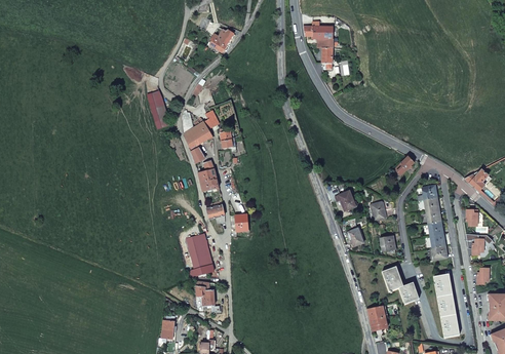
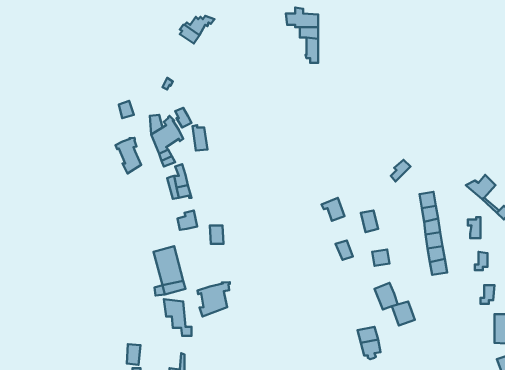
building: none -> [115,138,141,174]
building: none -> [197,282,230,317]
building: [434,273,459,336] -> none

